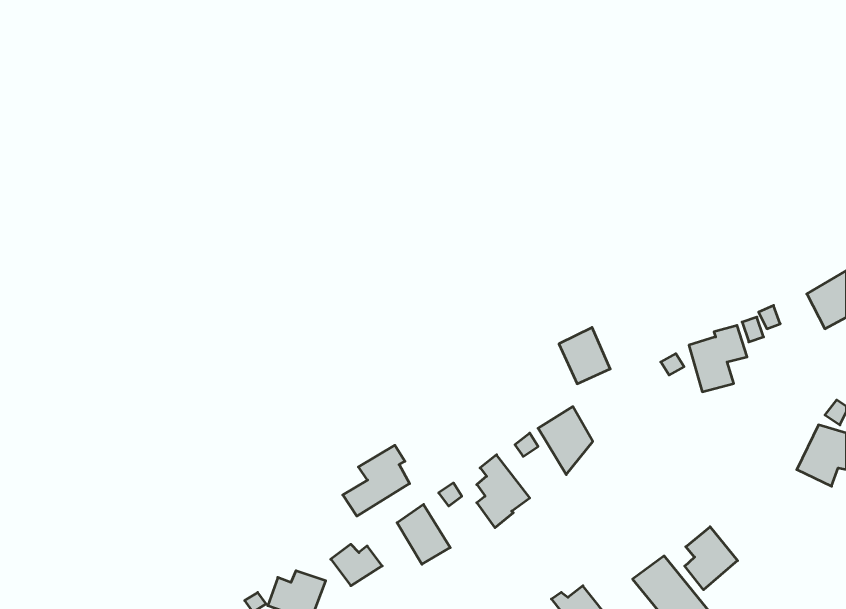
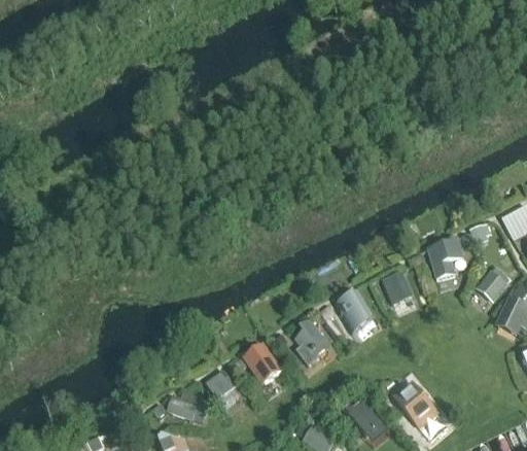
building: [559,327,610,384] -> [382,269,414,304]
building: none -> [477,267,511,302]
building: [343,445,410,516] -> none
building: [685,527,738,590] -> none

